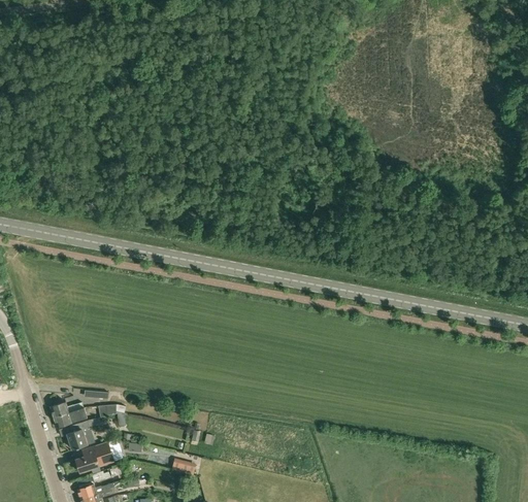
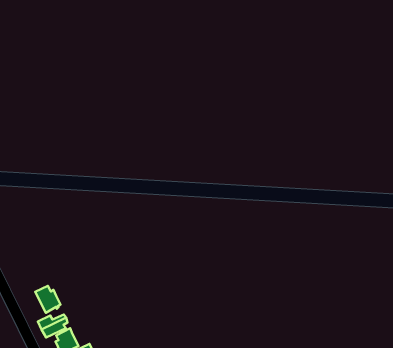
building: none -> [35,286,61,313]

